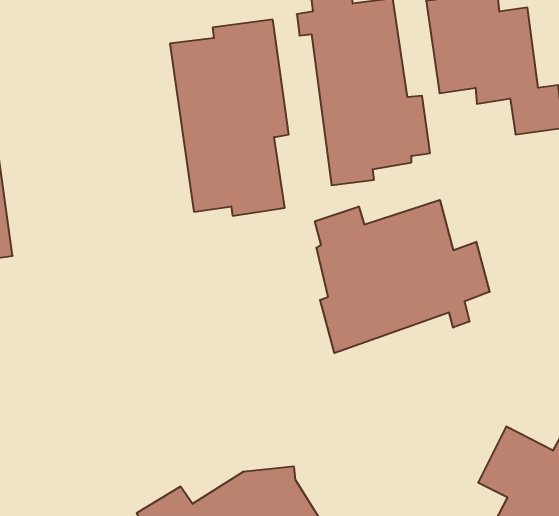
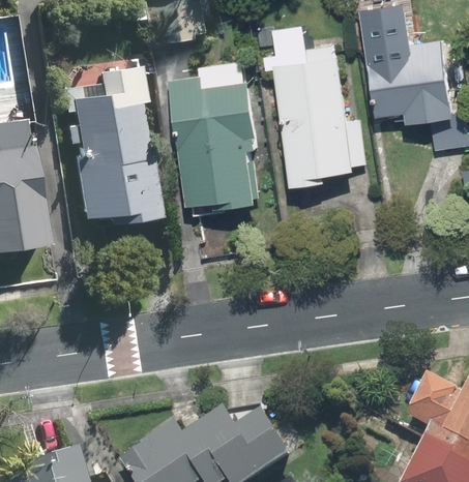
building: none -> [59,64,152,224]
building: [315,200,490,353] -> none

